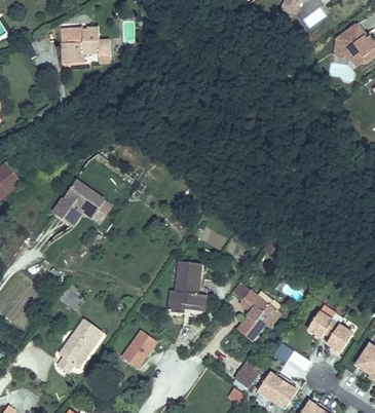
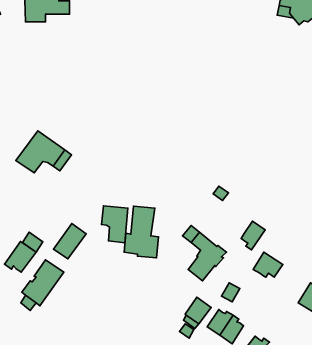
building: none -> [101,206,128,243]
building: none -> [4,242,36,272]
building: [328,324,353,354] -> [241,221,265,250]
building: [122,328,157,366] -> [54,223,86,259]

